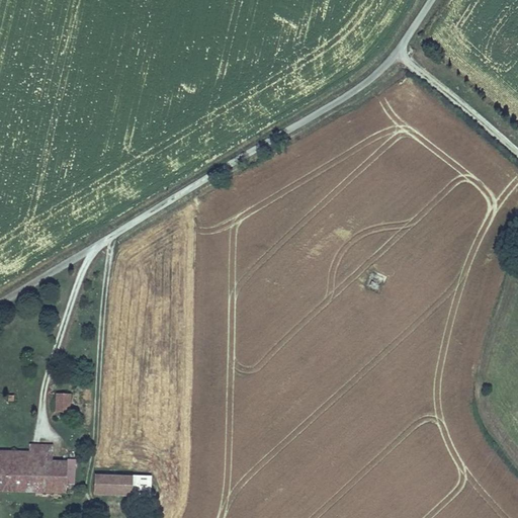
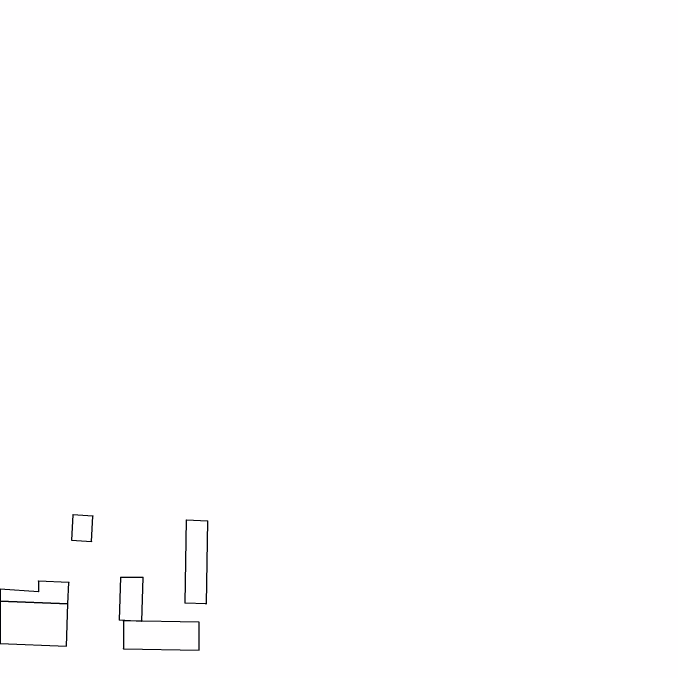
building: none -> [185,520,208,604]
building: [51,460,69,494] -> [119,577,143,621]

